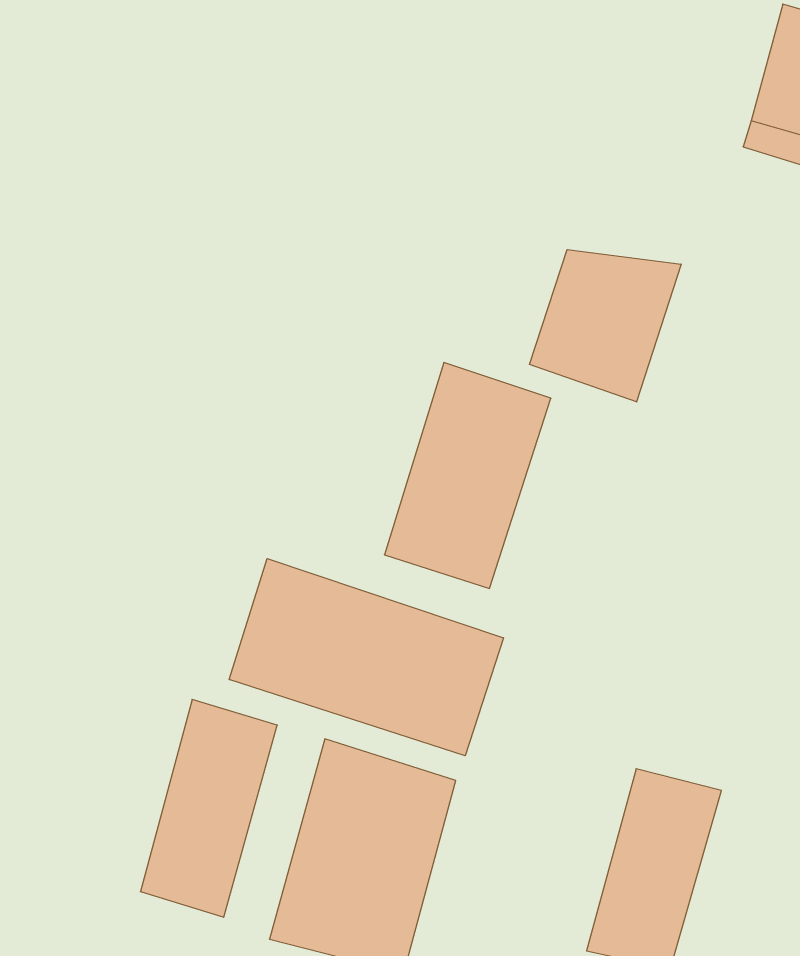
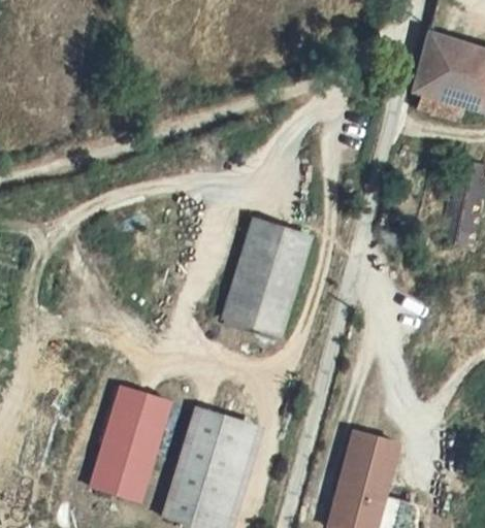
building: [529,250,681,402] -> none
building: [229,559,503,756] -> none

